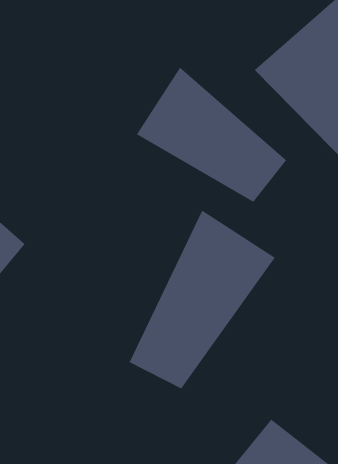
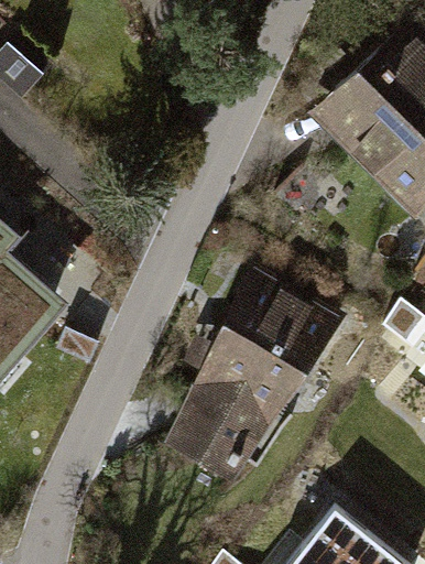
building: [136,67,287,203] -> none

